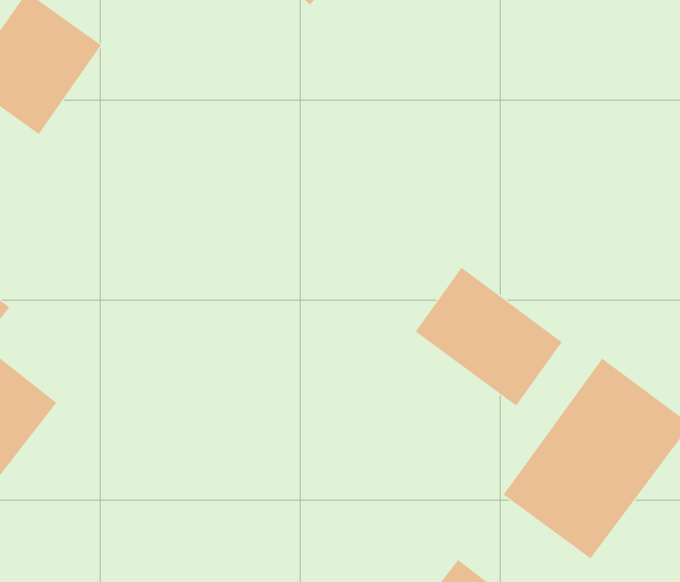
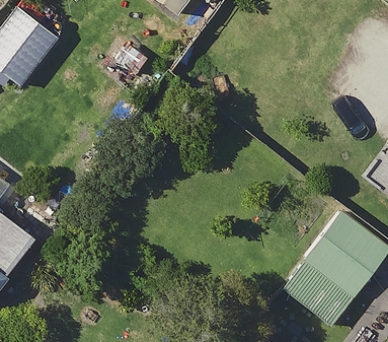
building: [415,267,563,407] -> none

